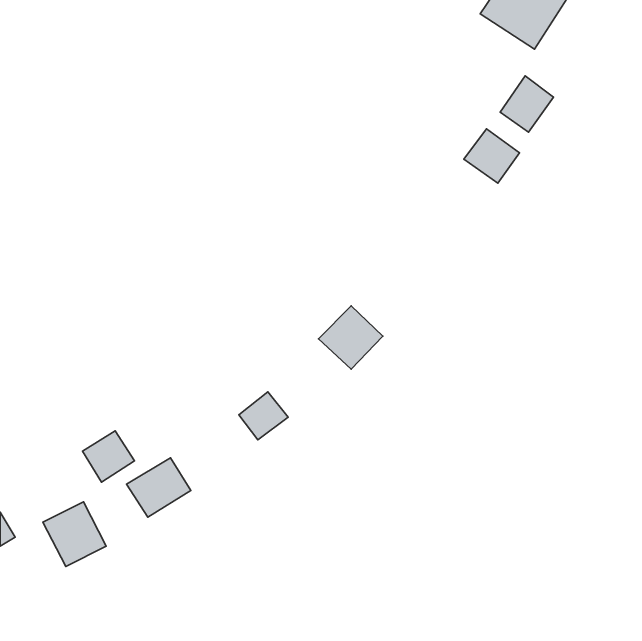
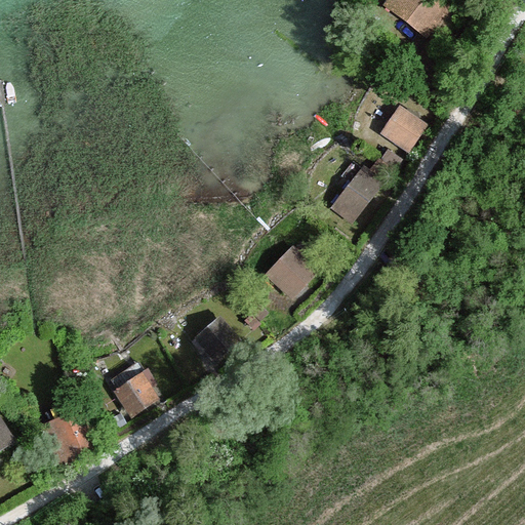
building: [500,76,554,132] -> none
building: none -> [333,166,382,220]
building: [82,431,134,482] -> none

